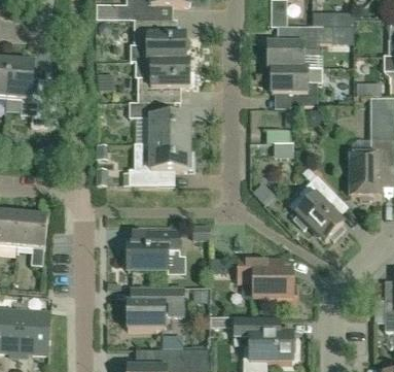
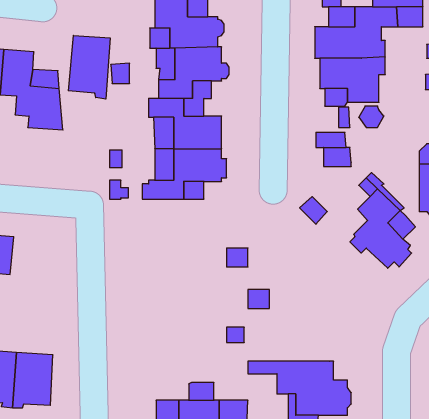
building: none -> [68,35,110,99]
building: [15,214,46,265] -> none
building: [127,229,185,273] -> none
building: [238,258,295,306] -> none
building: [127,286,182,328] -> none

